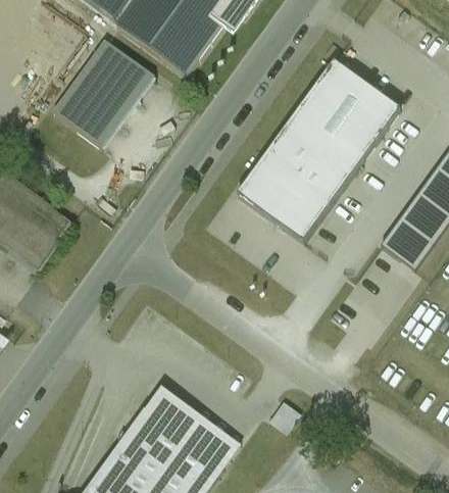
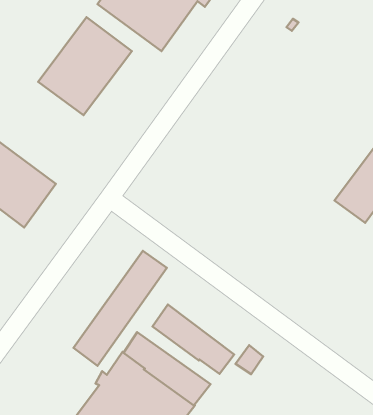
building: [237,60,400,242] -> none
building: none -> [74,251,167,366]
building: none -> [153,304,234,374]

